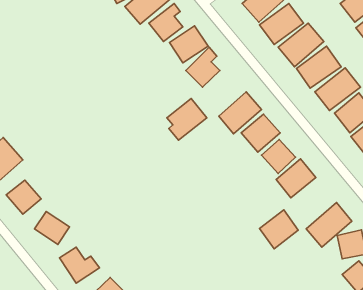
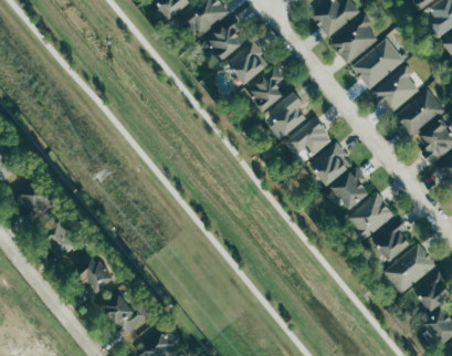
building: [167,98,207,140] -> [266,94,312,142]
building: [259,210,298,249] -> [372,219,417,263]

